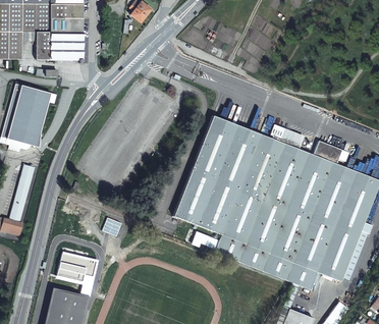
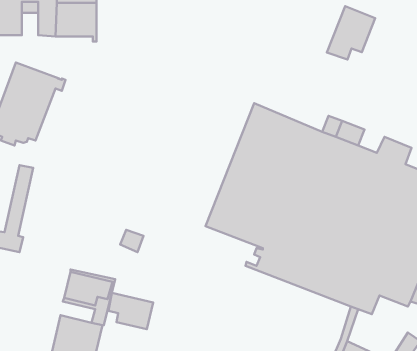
building: none -> [327,6,375,60]
building: none -> [108,293,153,329]

